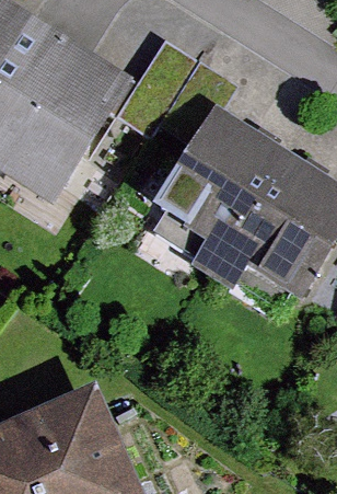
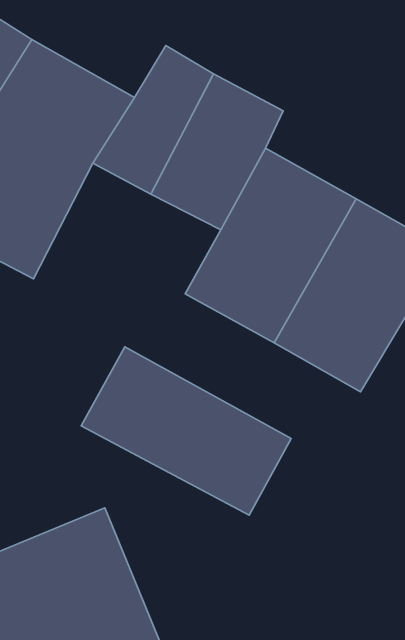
building: none -> [81,347,291,515]

